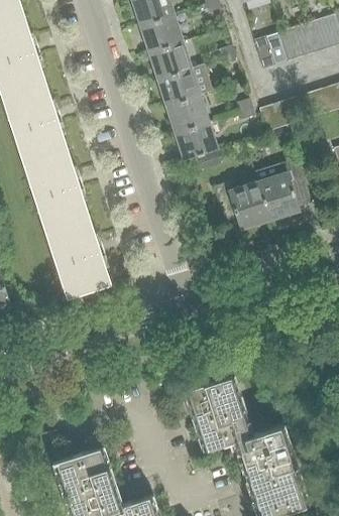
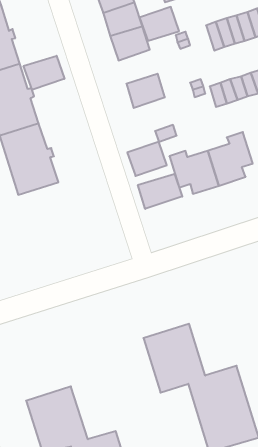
building: [156,67,201,105] -> [140,7,179,41]
building: none -> [24,56,64,90]
building: [174,120,218,158] -> [127,142,167,176]
building: none -> [138,174,182,209]
building: [43,216,111,298] -> none

